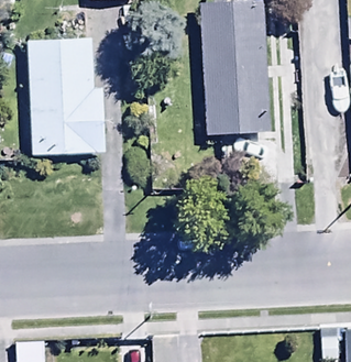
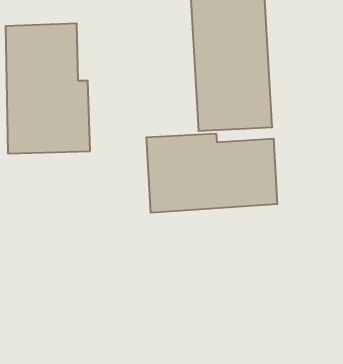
building: none -> [146,134,277,213]

